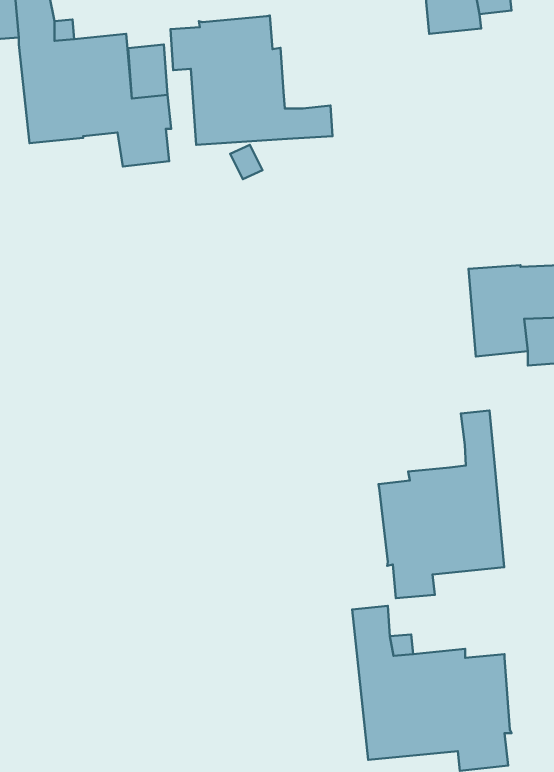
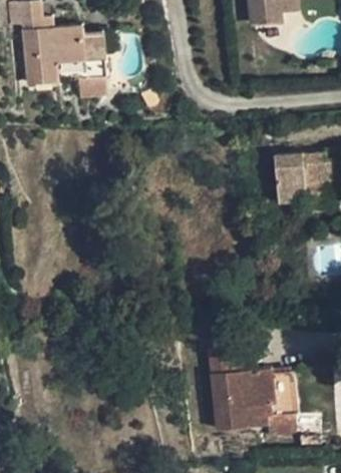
building: [171,16,333,145] -> none
building: [378,411,504,598] -> none

